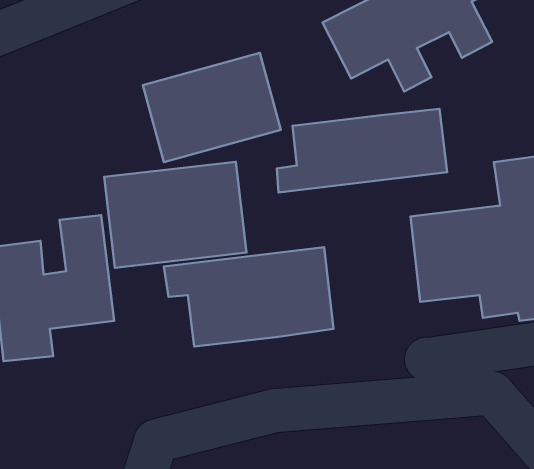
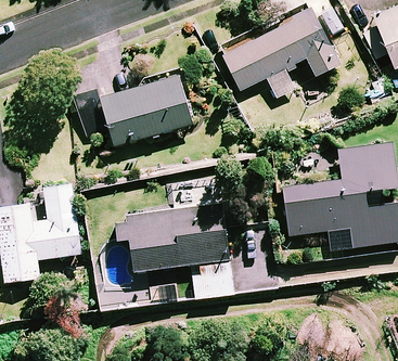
building: [277,109,447,192] -> none
building: [104,162,247,268] -> none

